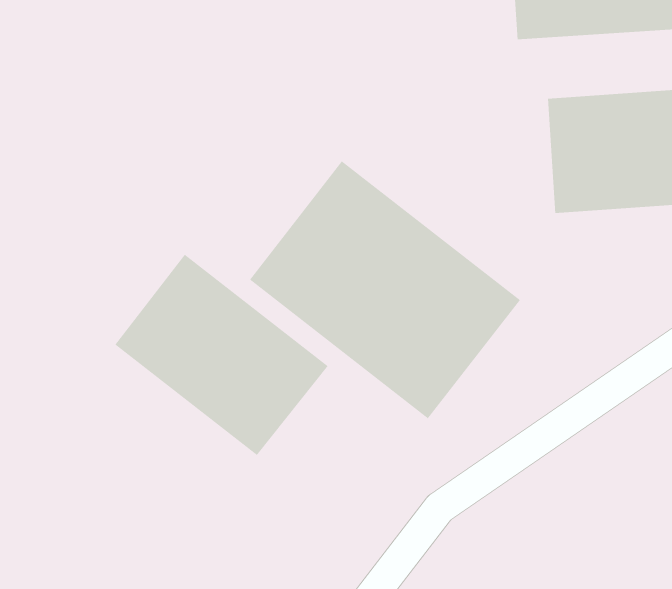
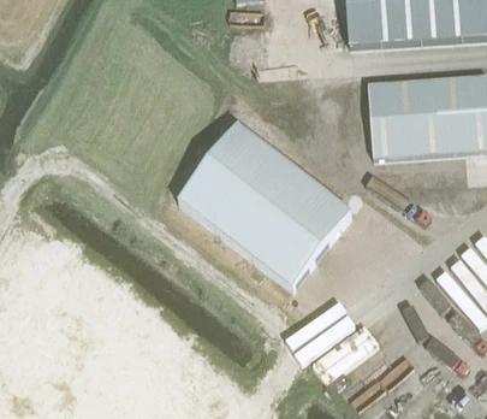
building: [114,254,329,456] -> none

